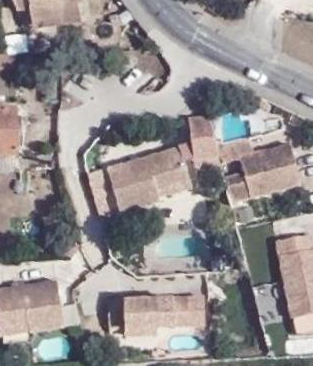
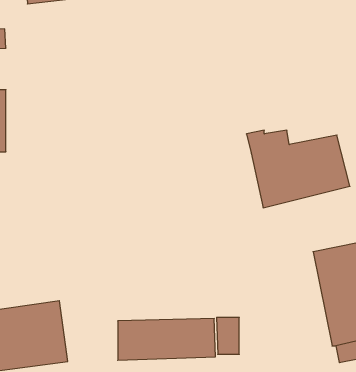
building: [184,116,219,159] -> none
building: [104,145,191,217] -> none

